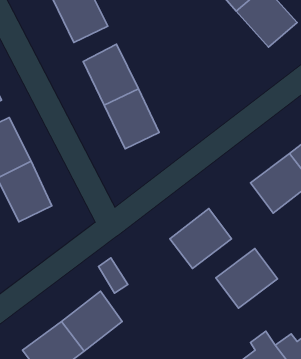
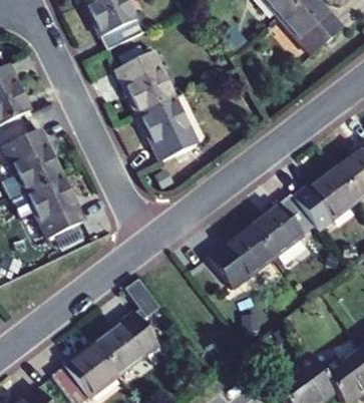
building: [216,248,278,308] -> [250,193,315,257]

